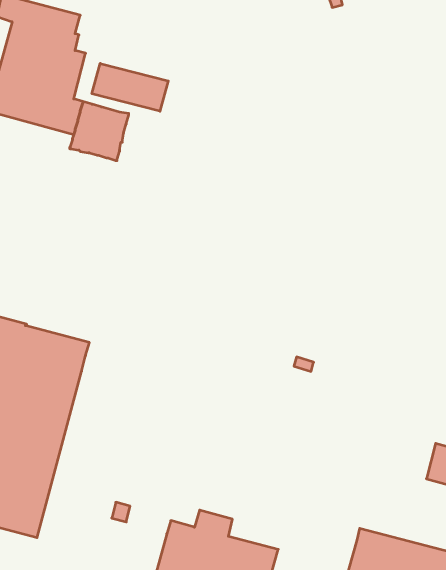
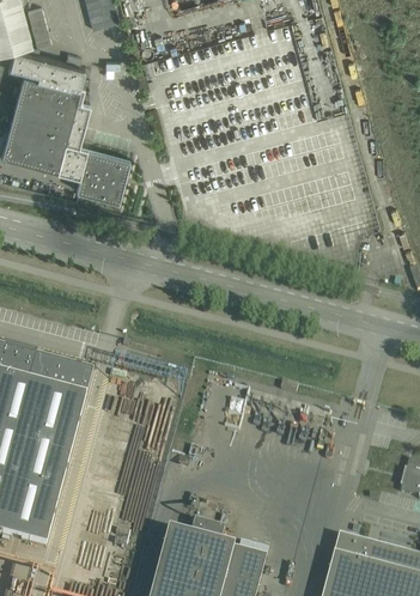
building: [92,63,168,111] -> none

